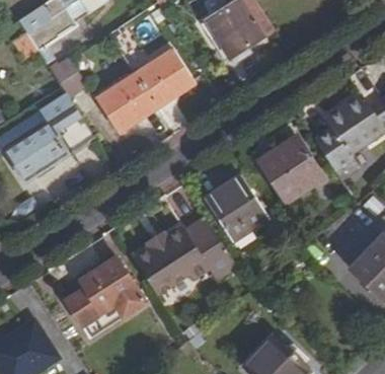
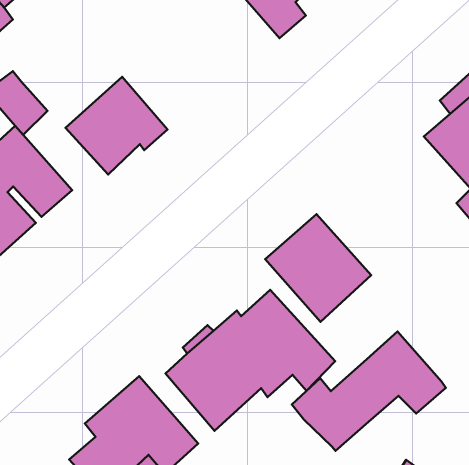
building: [136,49,194,108] -> none
building: [260,137,323,204] -> none
building: none -> [292,331,446,451]

